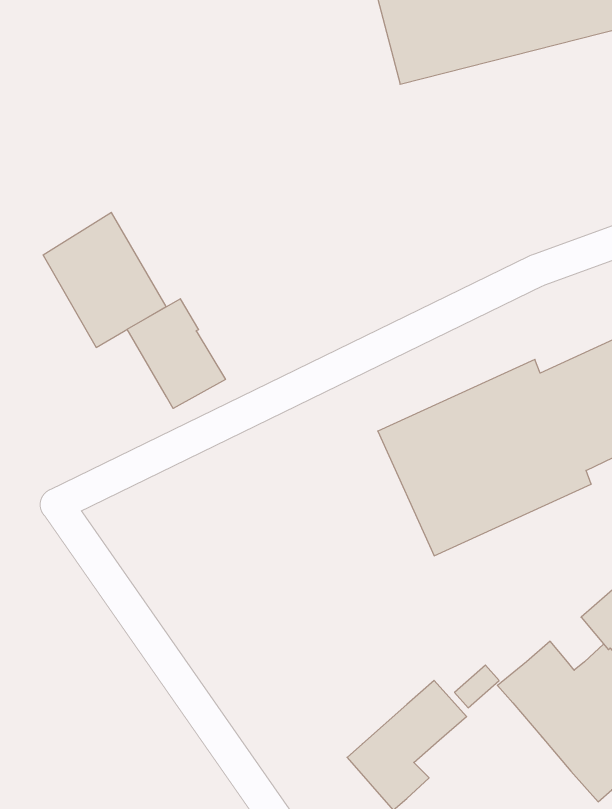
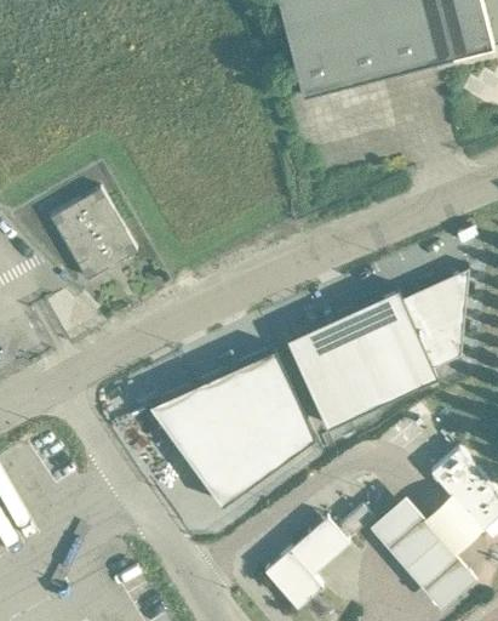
building: [127,299,225,408] -> none
building: none -> [151,357,319,514]

